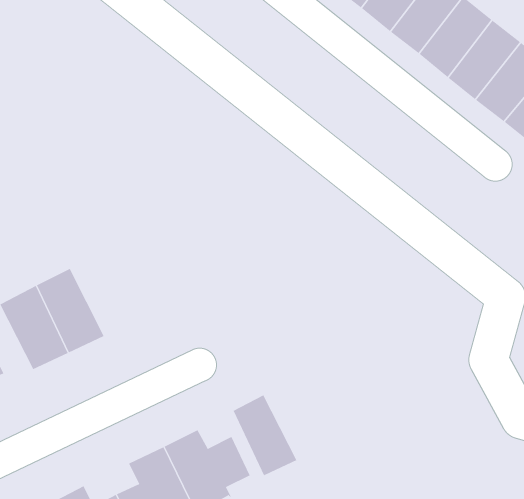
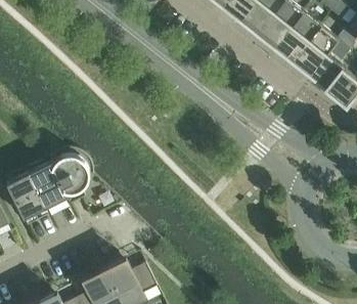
building: none -> [49,156,90,204]
building: [233,395,297,477] -> none

